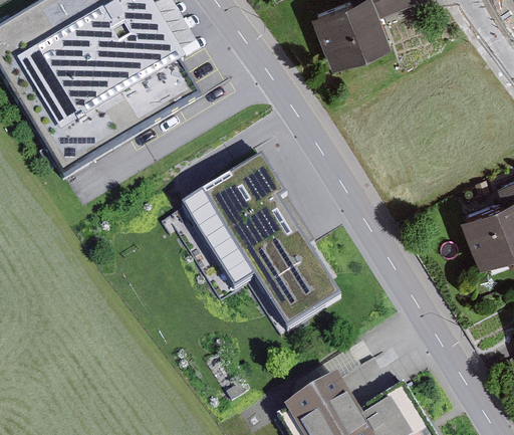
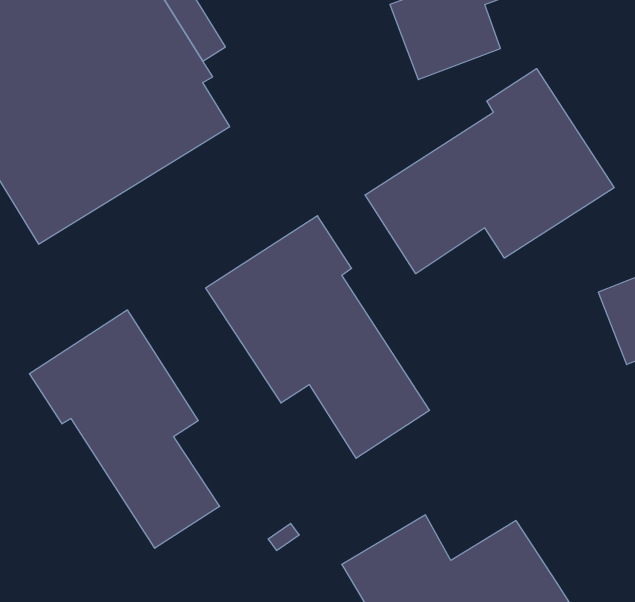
building: none -> [365,69,614,274]
building: none -> [29,310,220,548]

